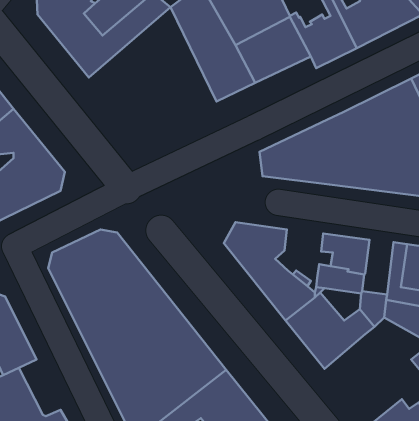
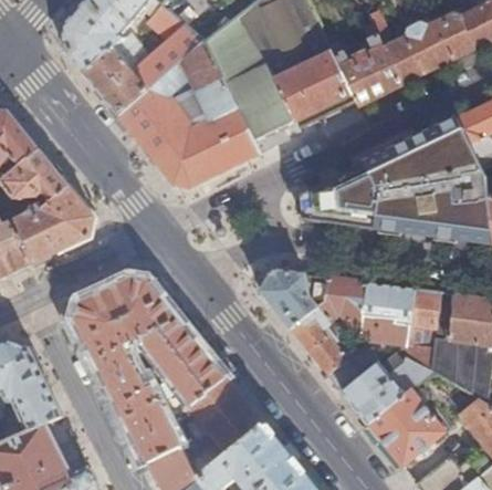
building: none -> [117,42,259,188]
building: none -> [314,277,365,327]
building: none -> [406,288,439,345]
building: none -> [366,387,444,467]

